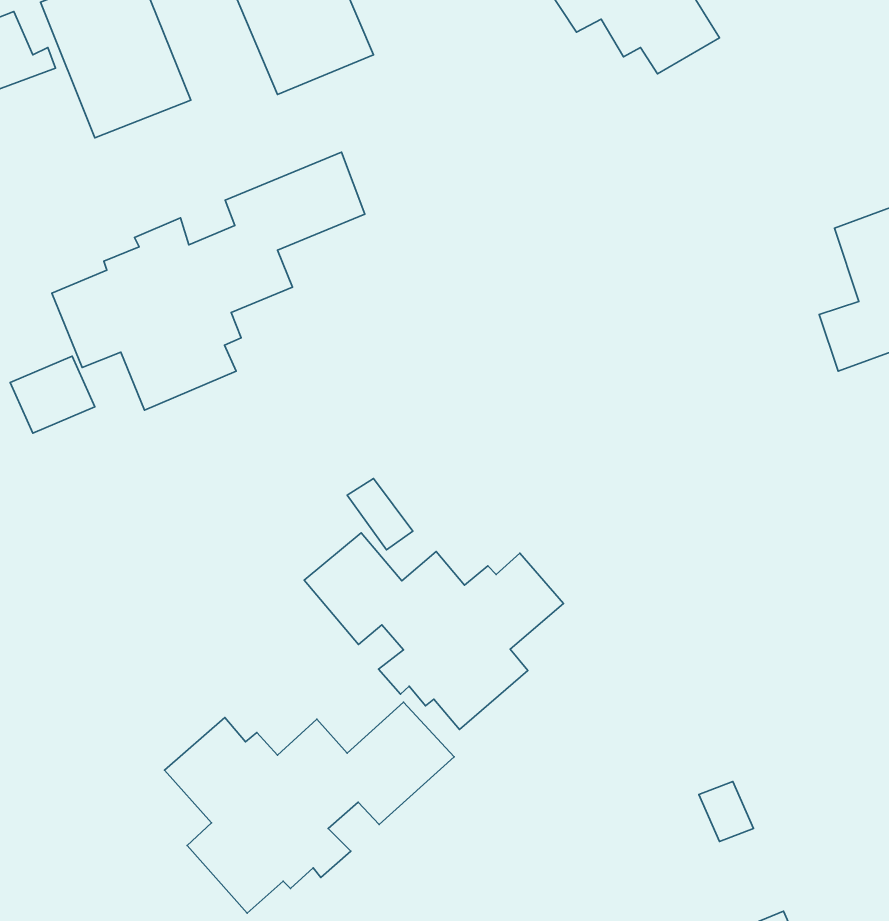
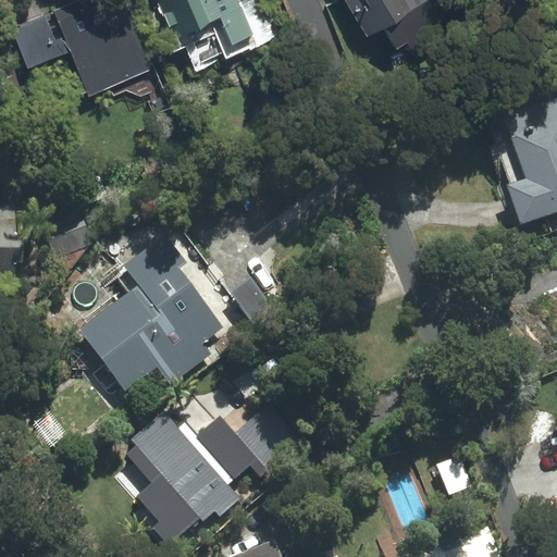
building: [52,152,365,410] -> none
building: none -> [82,242,216,387]
building: [304,533,564,730] -> none

